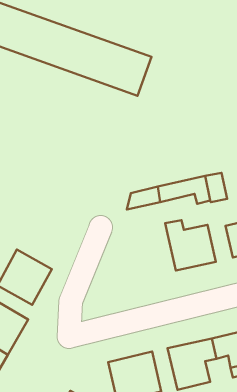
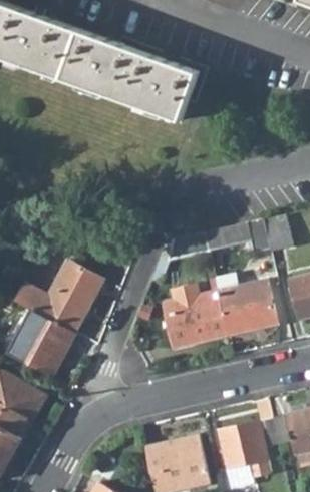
building: none -> [16,259,104,333]
building: none -> [164,283,228,347]

